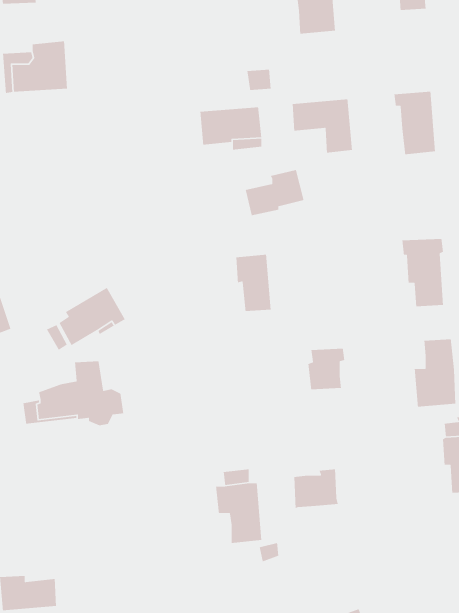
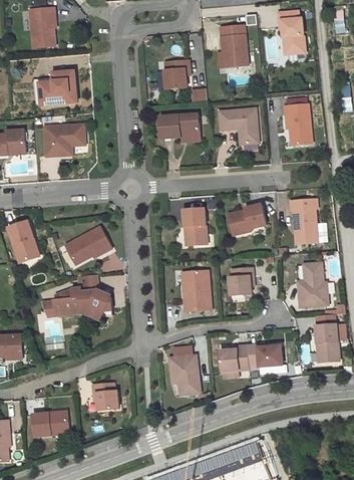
building: none -> [163,58,189,88]
building: none -> [44,123,85,156]
building: [245,169,304,216] -> [228,203,266,233]
building: none -> [183,269,211,310]
building: none -> [247,343,282,365]
building: none -> [93,384,118,410]

